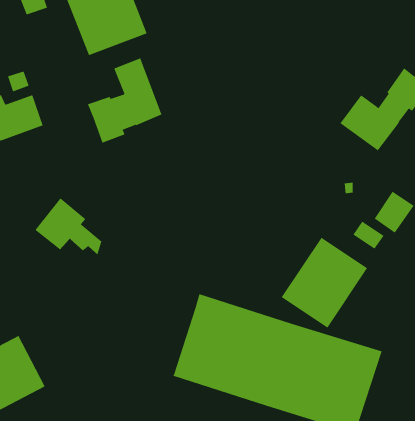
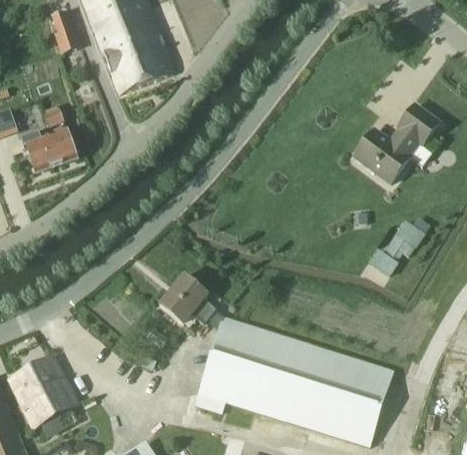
building: [87,58,162,144] -> none
building: [35,198,102,255] -> [158,274,221,328]
building: [281,237,368,329] -> none

